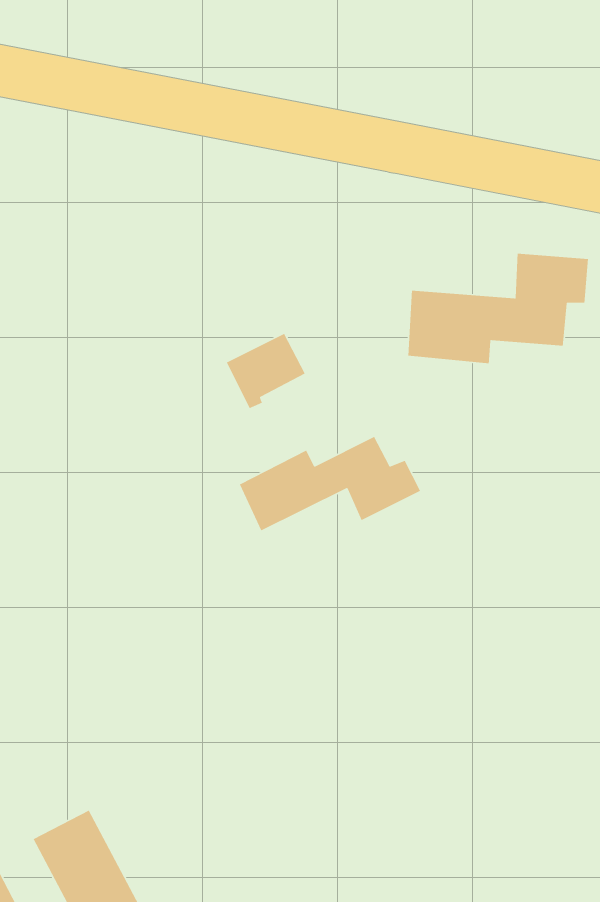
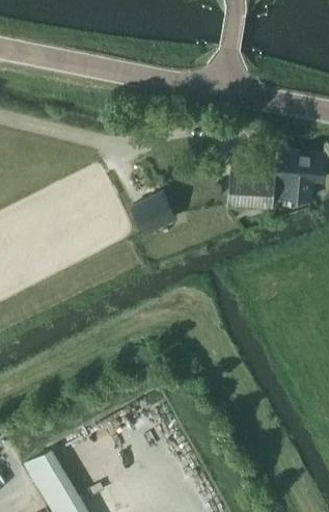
building: [239,436,421,531] -> none

